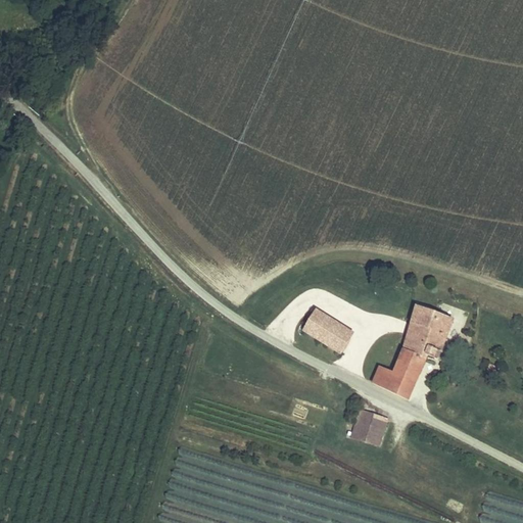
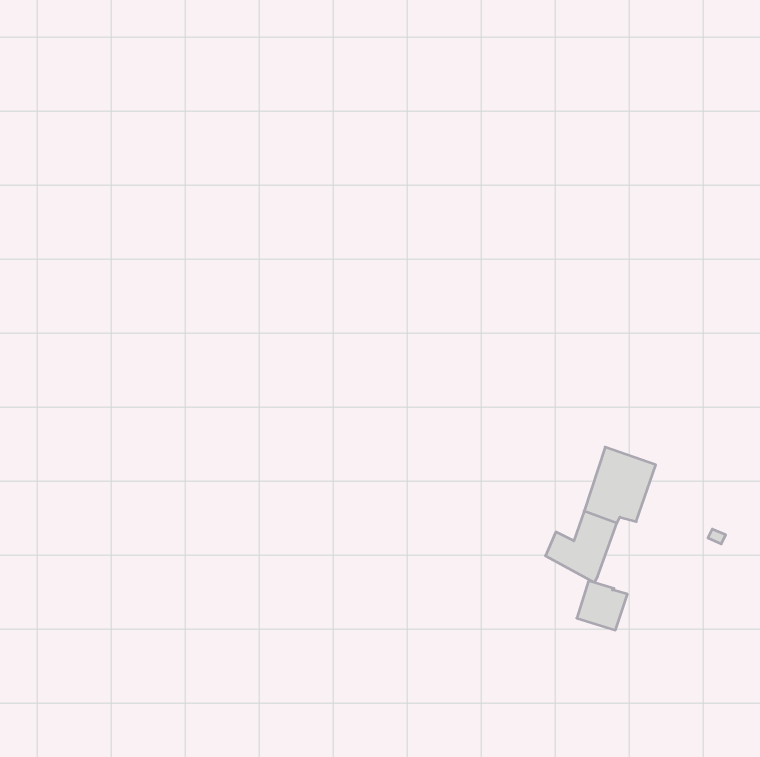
building: [305,310,352,349] -> none
building: [352,410,387,443] -> [577,581,627,630]

